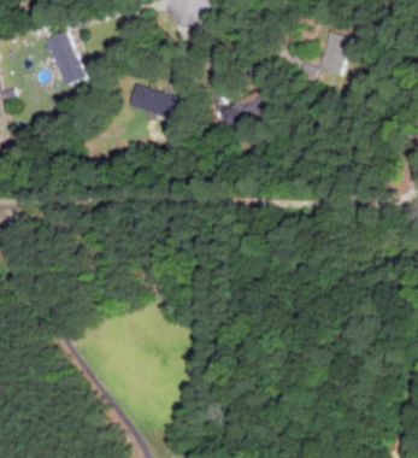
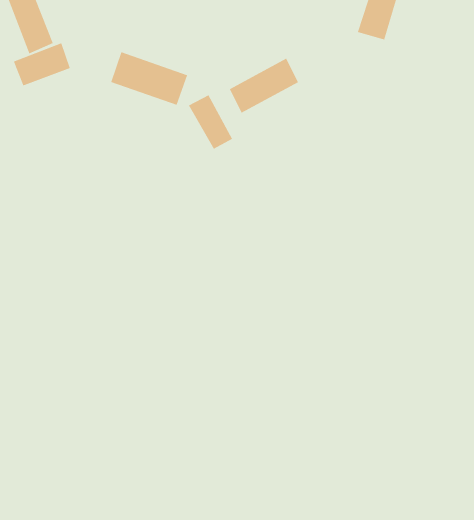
building: none -> [13,42,71,86]
building: none -> [188,94,233,150]

